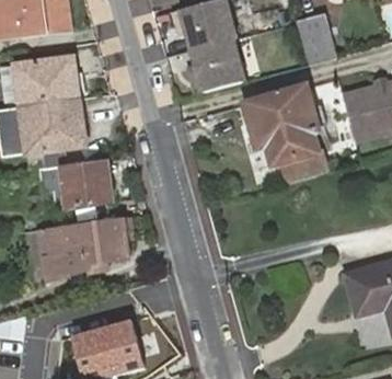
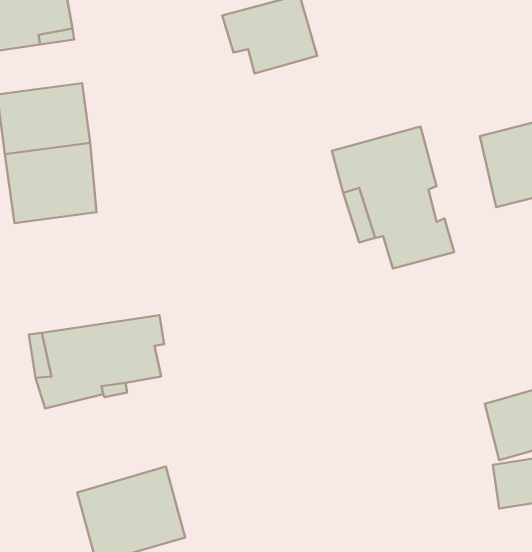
building: [297,11,335,64] -> none
building: [188,39,244,94] -> none
building: [37,160,112,209] -> none

